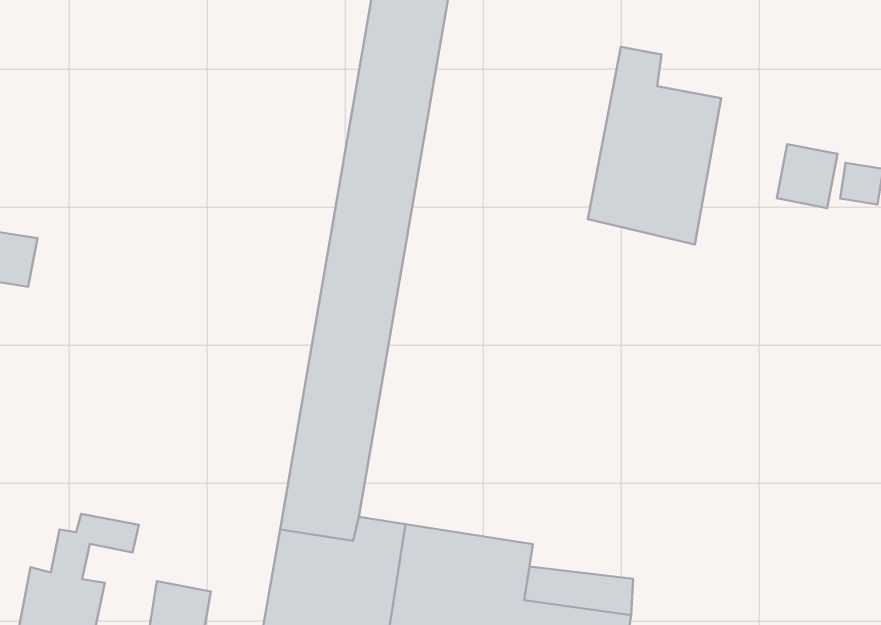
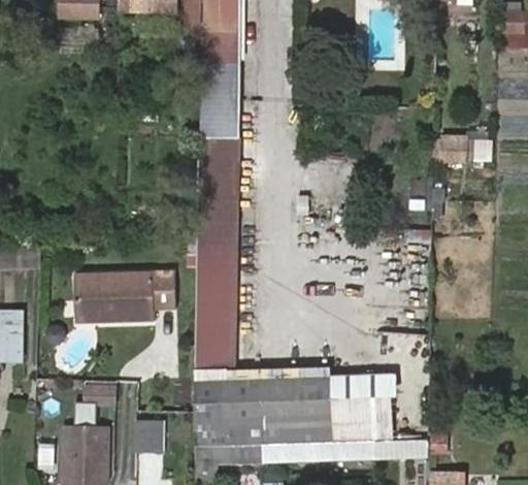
building: [588,47,721,245] -> none
building: none -> [75,270,177,322]

